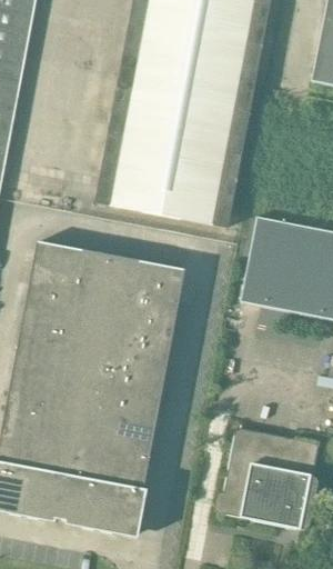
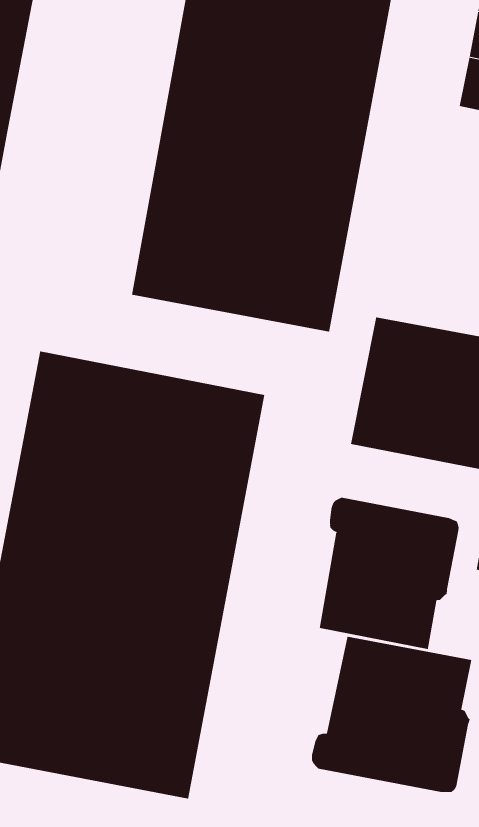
building: none -> [319,497,459,650]

